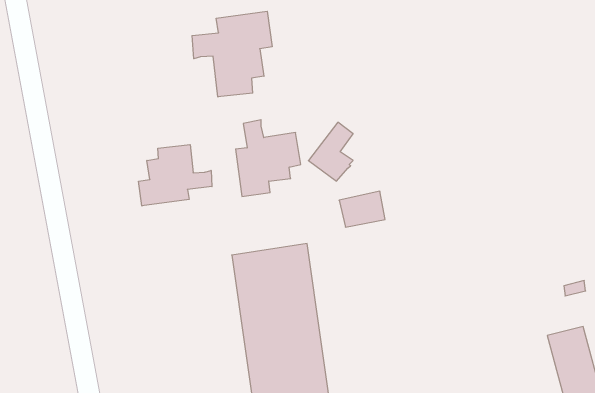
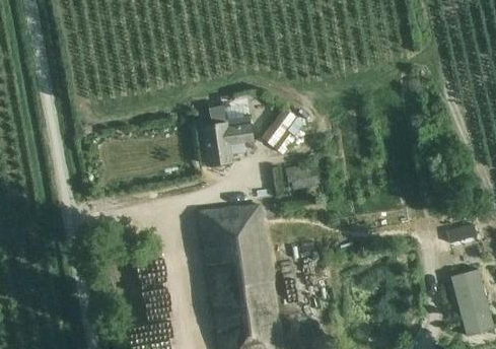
building: [192,11,272,97] -> none
building: [139,145,212,206] -> none

